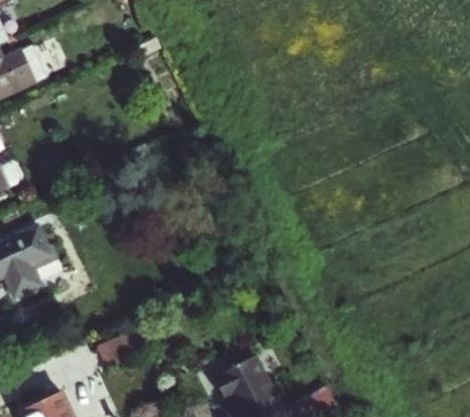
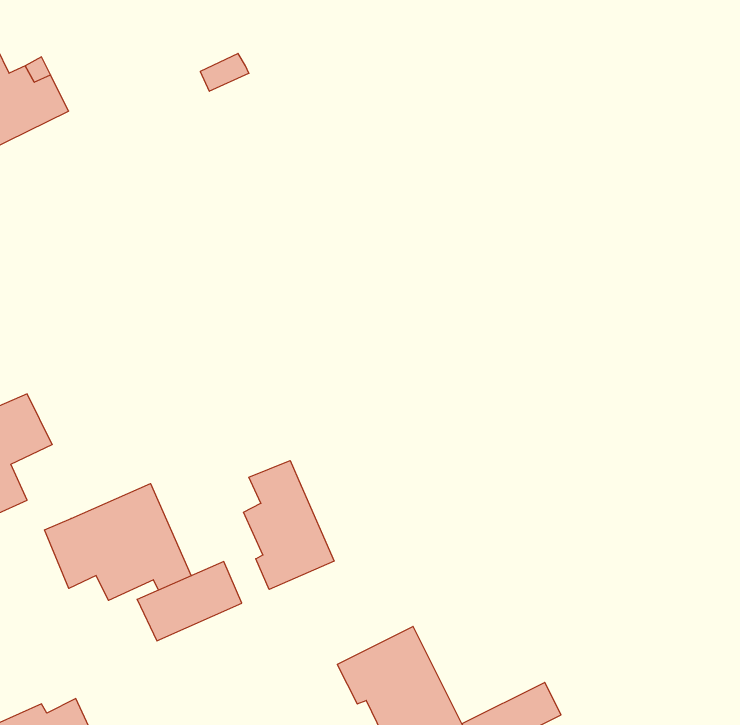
building: none -> [243,461,334,589]
building: none -> [44,484,191,600]

